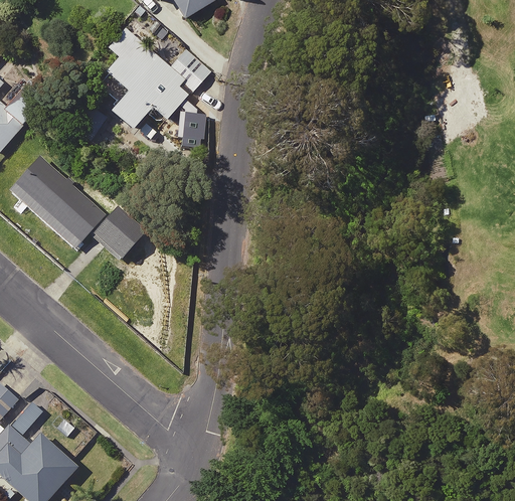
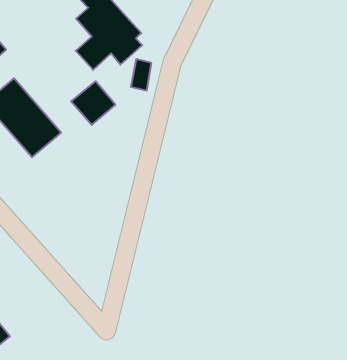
building: [169,47,211,91] -> none
building: [93,204,147,258] -> [71,81,115,125]

